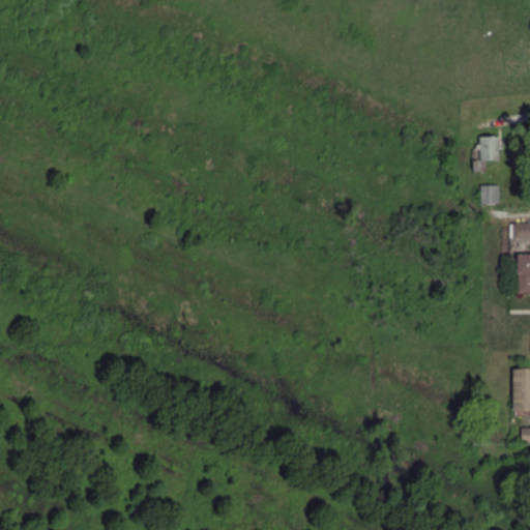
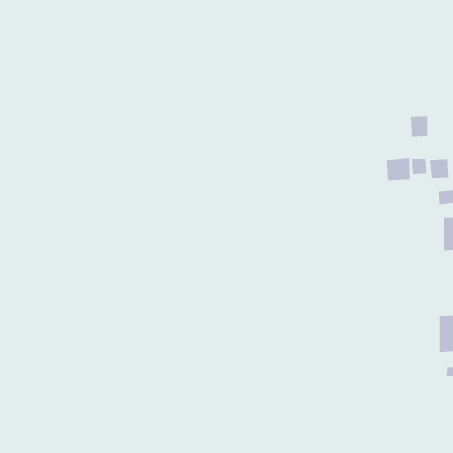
building: none -> [386,157,411,181]
building: none -> [429,159,449,179]

